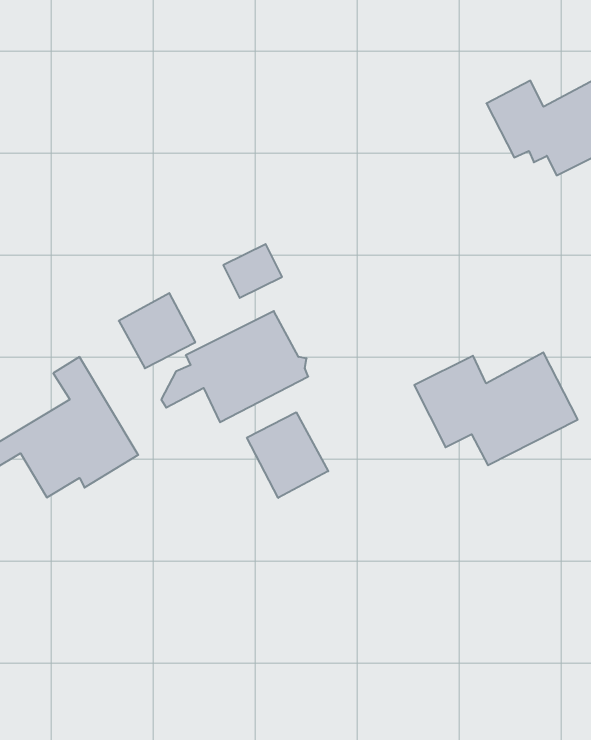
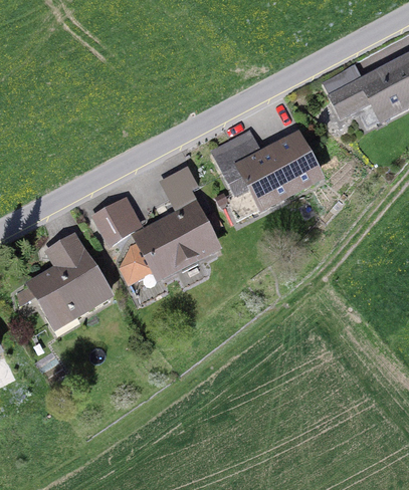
building: [414,352,578,465] -> [216,137,317,206]
building: [247,412,328,498] -> none

